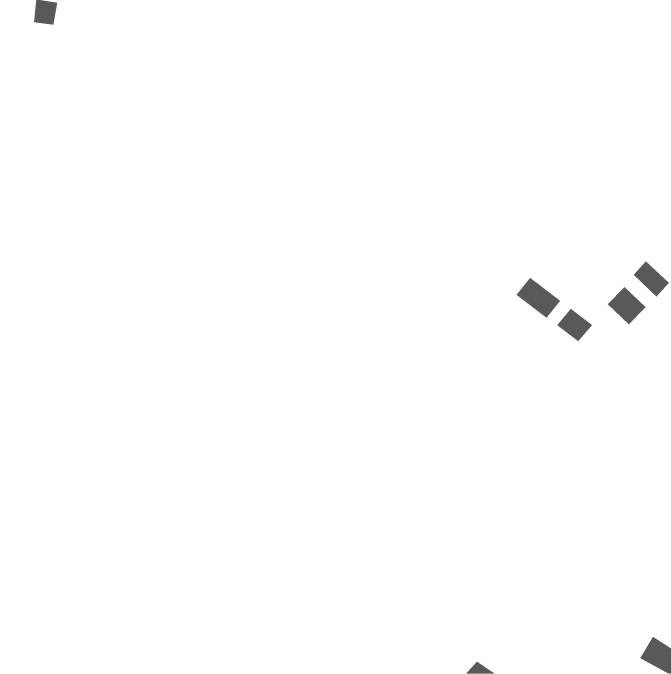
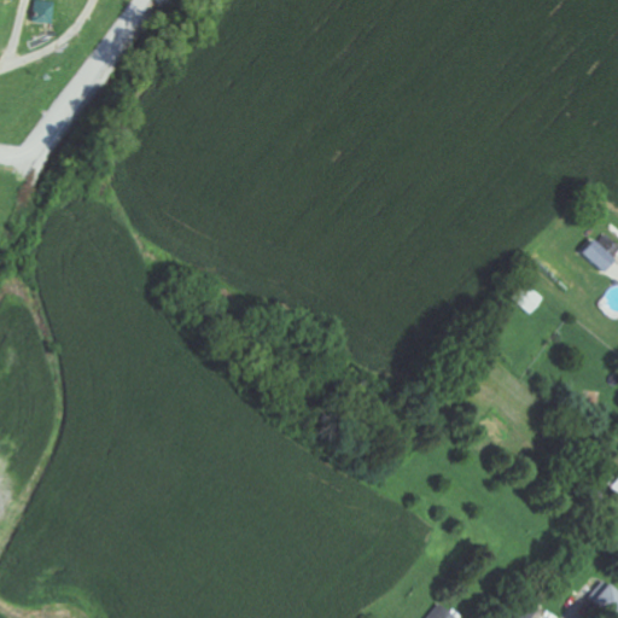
building: [516,277,561,319] -> none
building: [607,286,647,325] -> none

